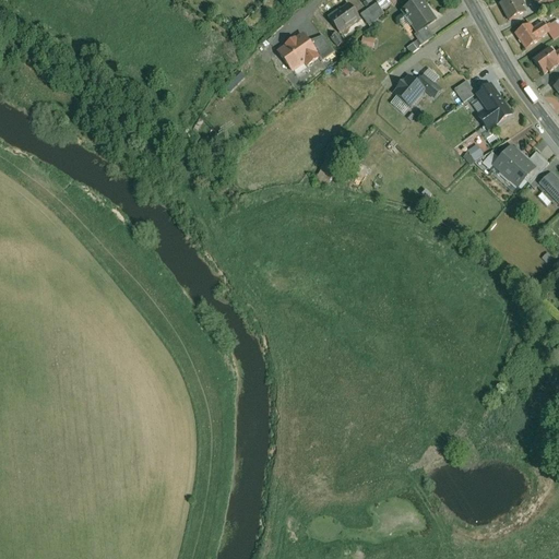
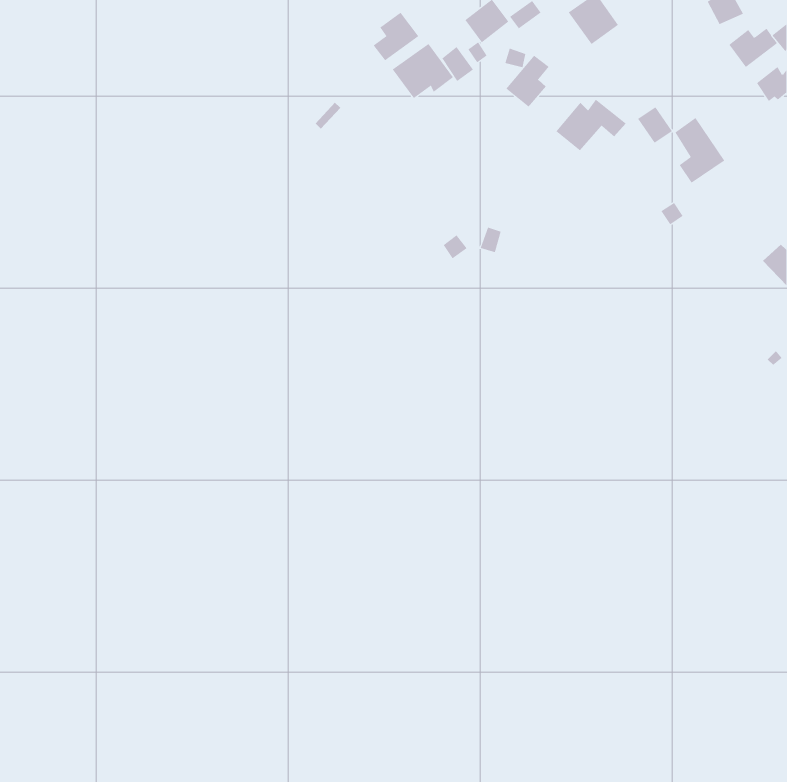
building: none -> [373,12,419,61]
building: none -> [505,55,550,108]
building: [493,144,537,188] -> none

